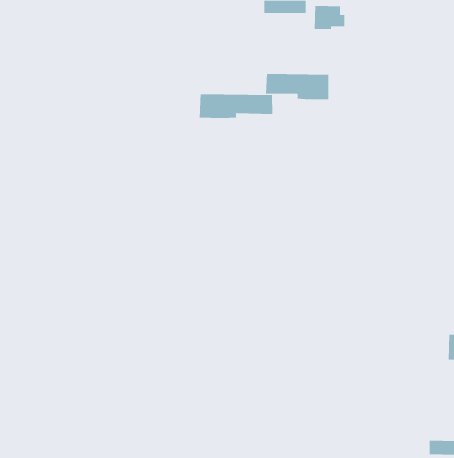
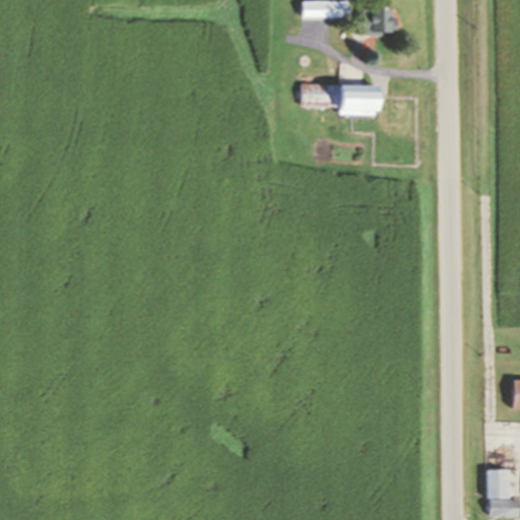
building: [199,93,273,119] -> none
building: none -> [489,468,510,498]

